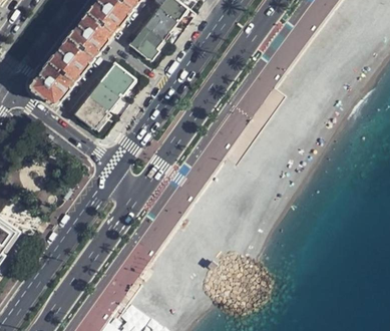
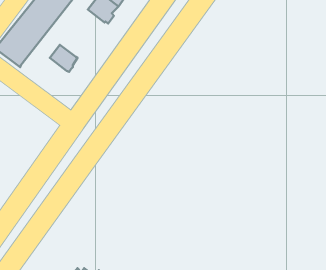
building: [99,63,133,94] -> none
building: [73,95,108,129] -> none

